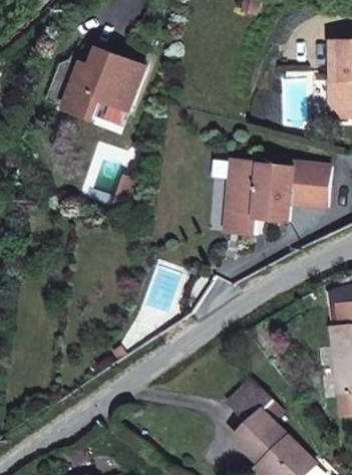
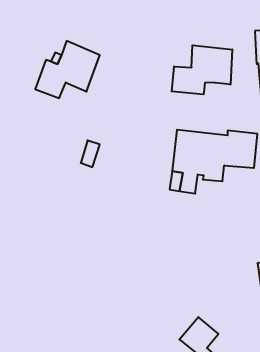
building: none -> [172,45,232,94]

